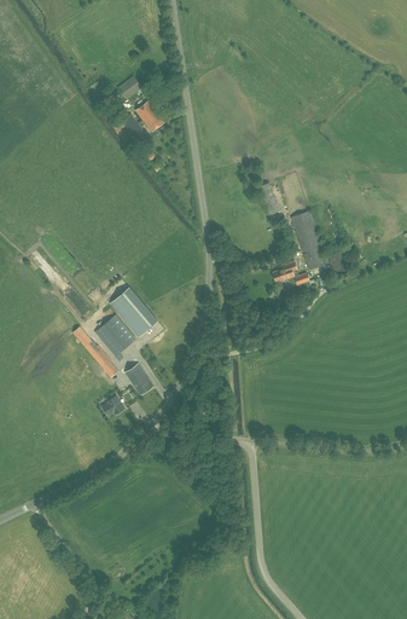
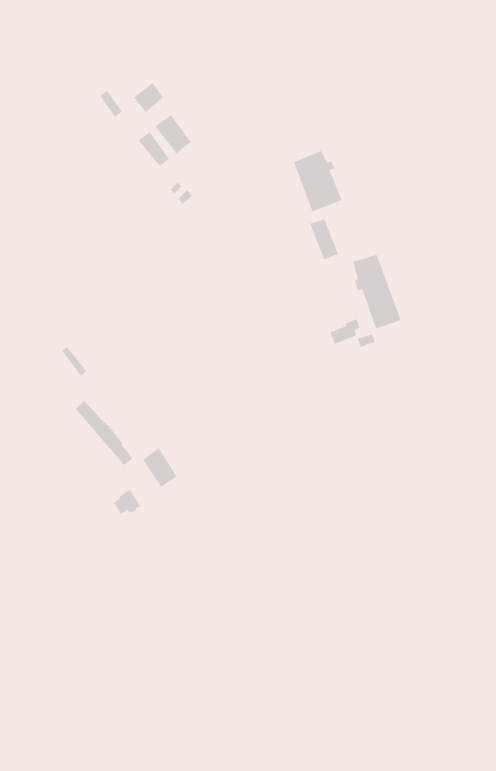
building: none -> [293,150,343,212]
building: [111,288,157,336] -> none
building: [95,318,133,361] -> none

